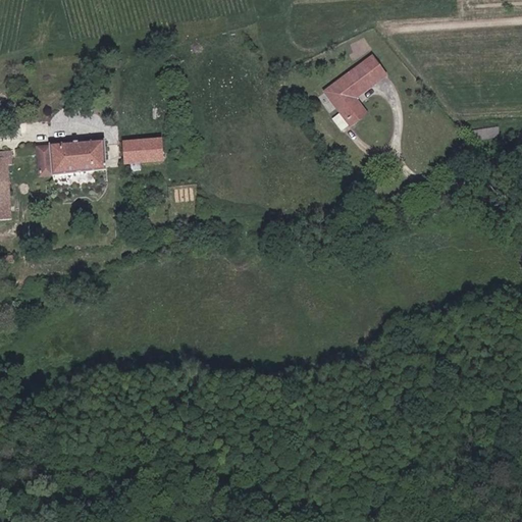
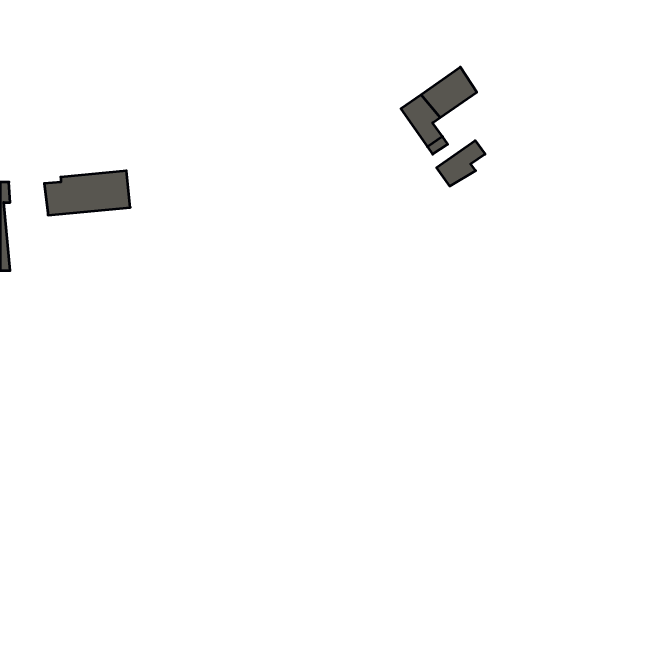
building: none -> [437,141,485,186]
building: [122,138,162,162] -> none

